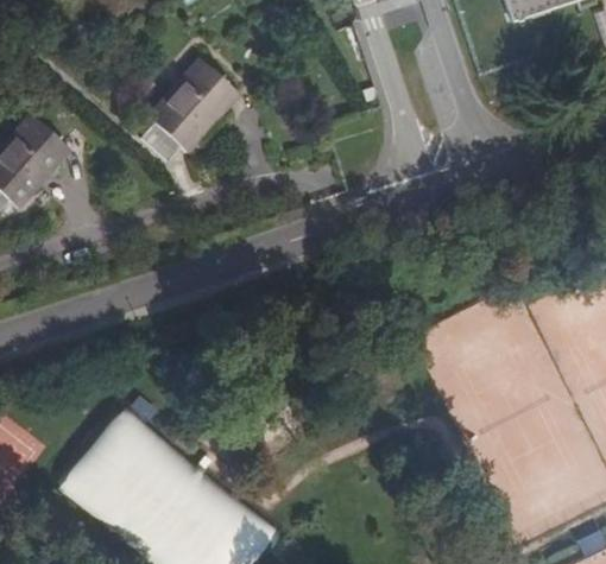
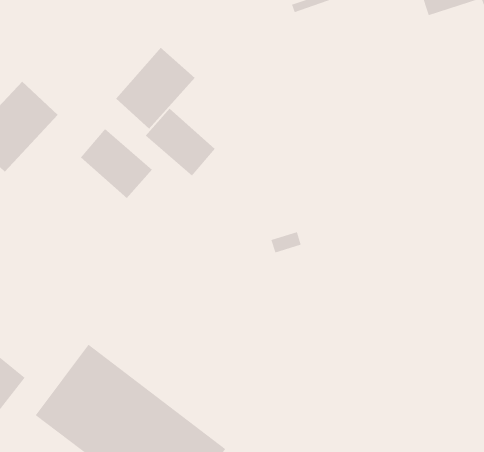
building: none -> [145,108,216,177]
building: none -> [80,128,153,199]

